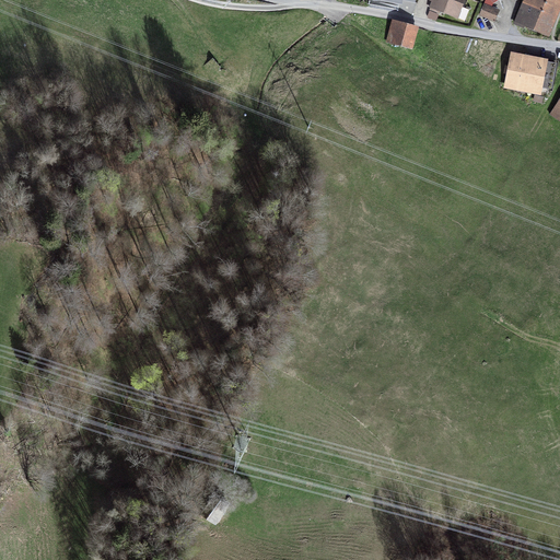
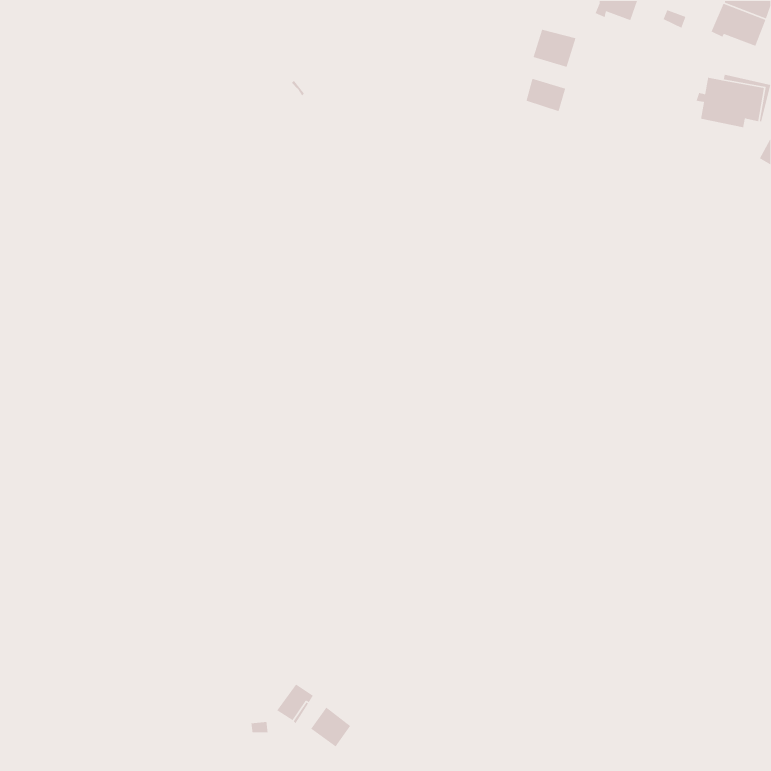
building: none -> [525,78,566,112]
building: none -> [310,707,351,747]

